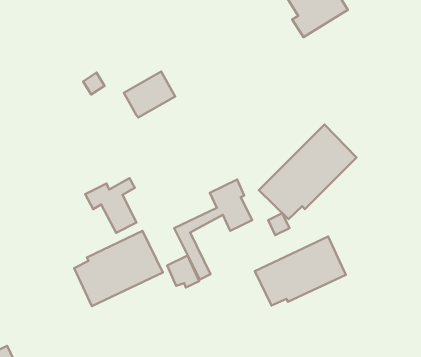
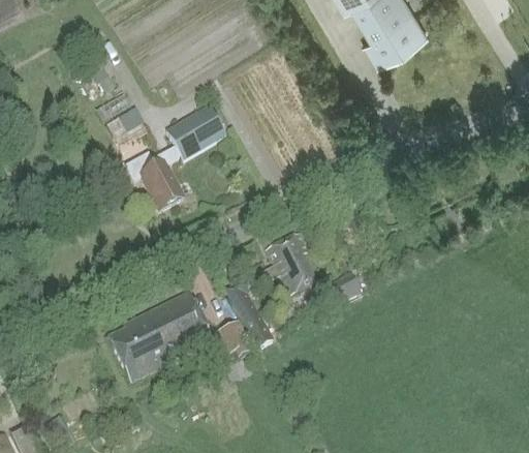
building: [259,125,357,219] -> none
building: [85,178,137,233] -> [123,145,183,209]
building: [255,237,346,305] -> none

